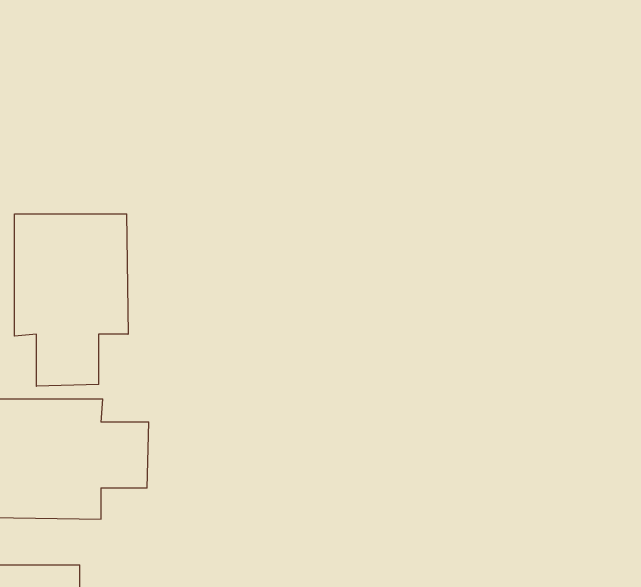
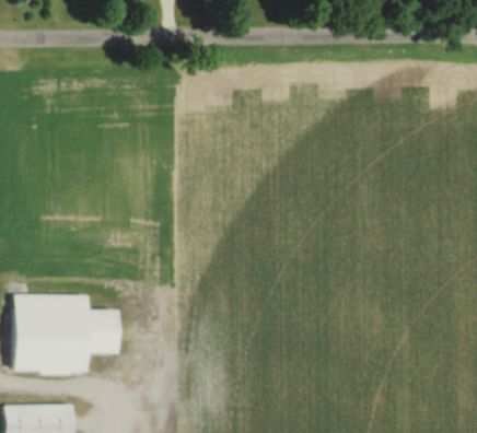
building: [15,214,128,386] -> none

